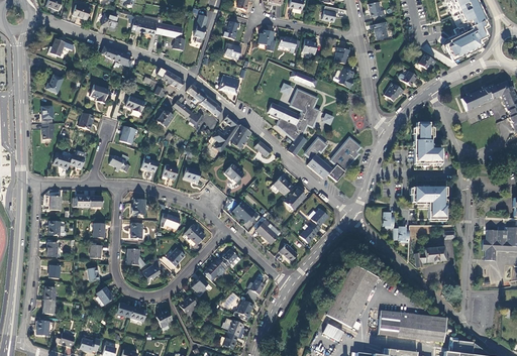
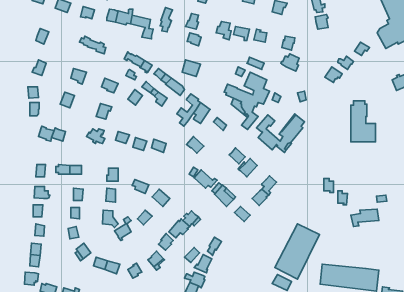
building: [411,188,445,219] -> none

